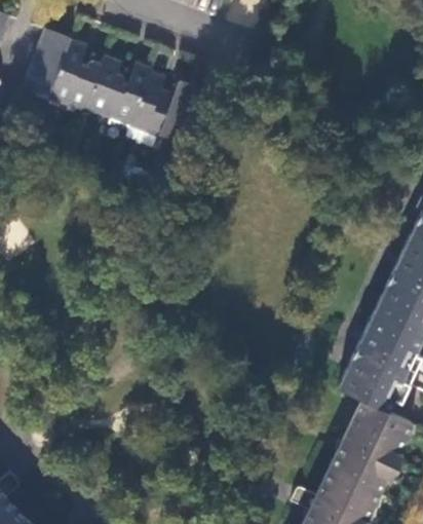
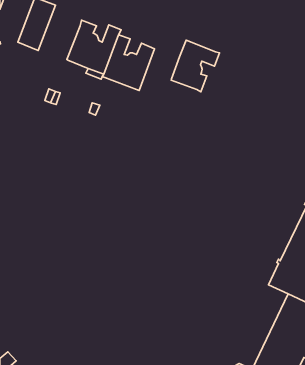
building: [49,38,102,106] -> none
building: none -> [171,40,220,92]

